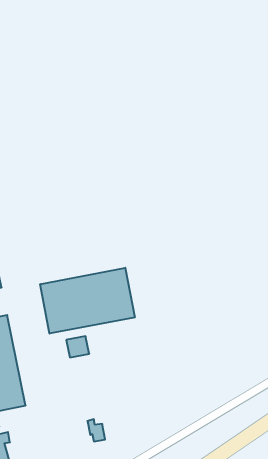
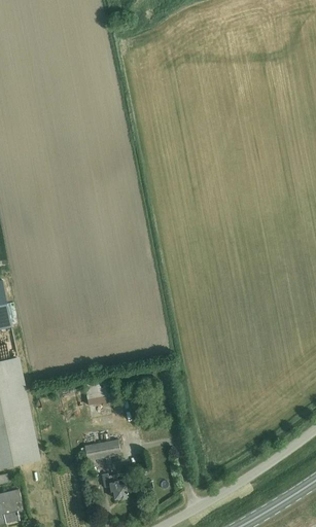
building: [40,268,135,334] -> none
building: none -> [84,440,120,461]

